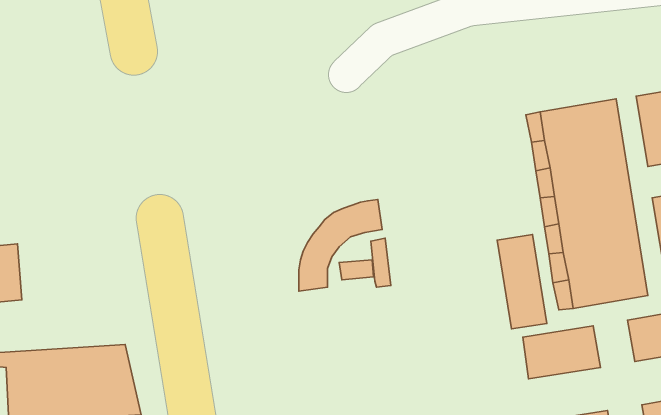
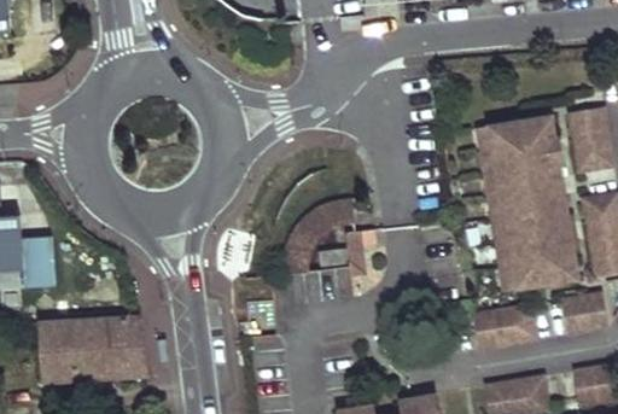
building: [497,235,547,329] -> none

